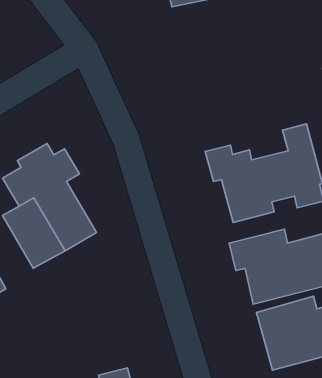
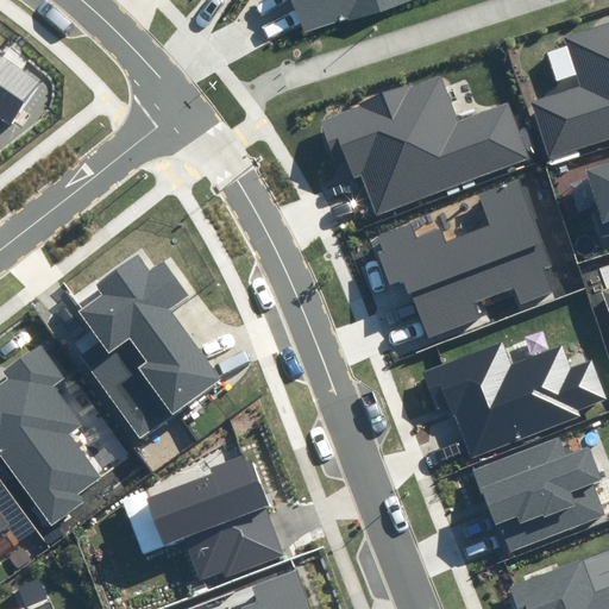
building: none -> [319,76,528,214]
building: none -> [146,452,285,586]

